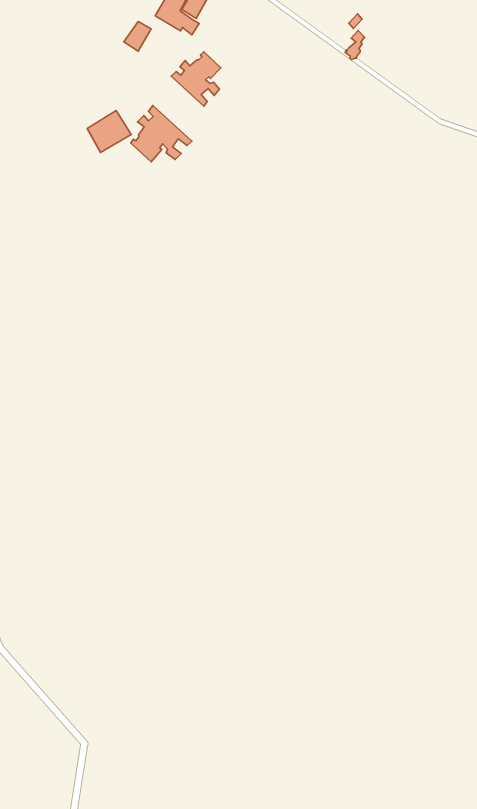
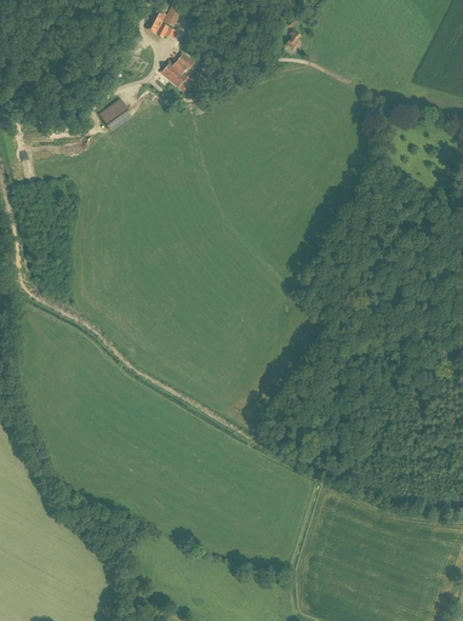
building: [131,105,192,162] -> none

